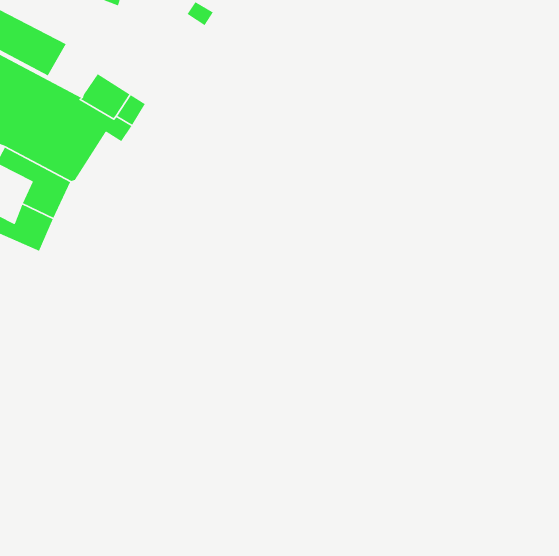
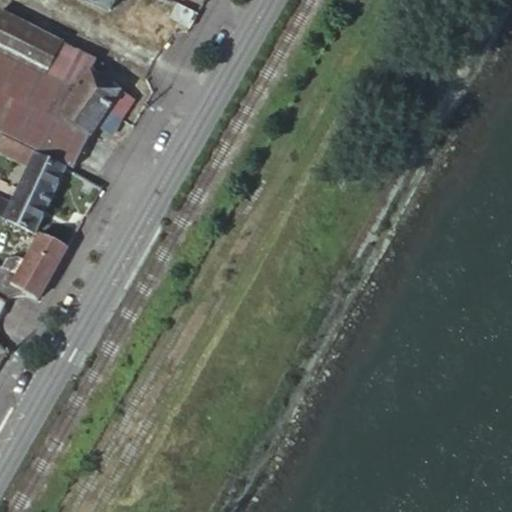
building: none -> [44,40,89,86]
building: none -> [11,232,66,297]

